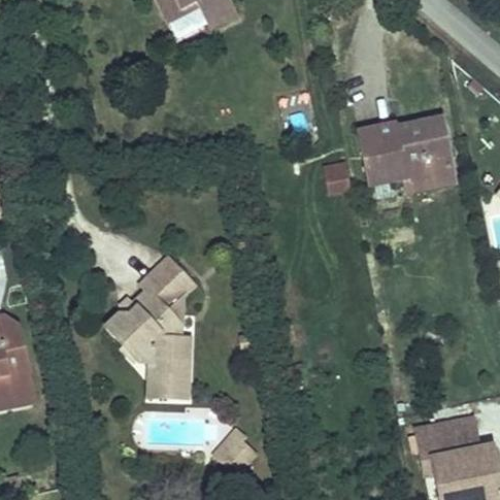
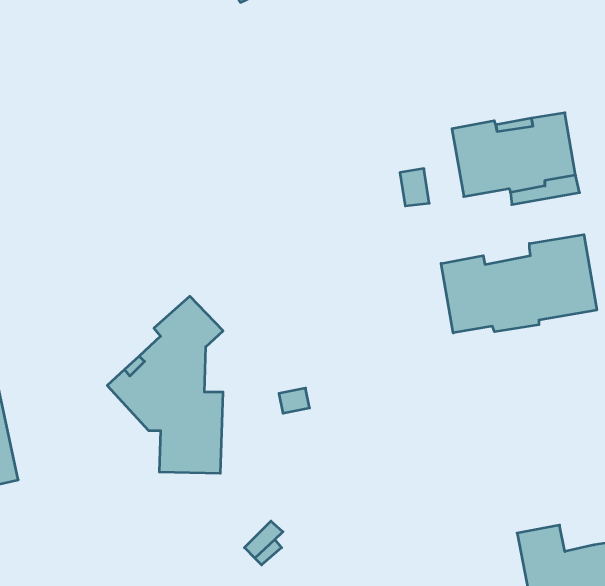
building: none -> [441,235,597,333]
building: [419,420,480,456] -> none

